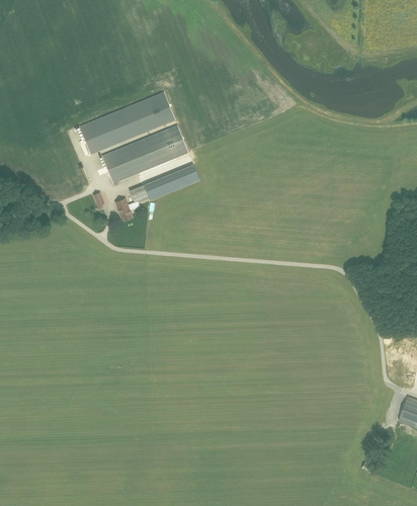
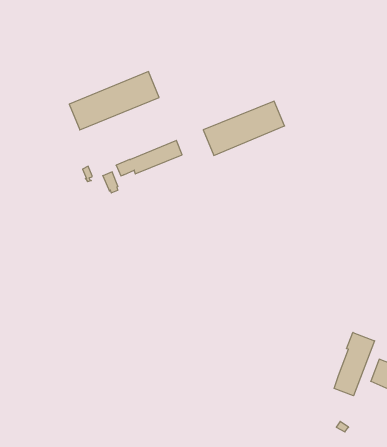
building: [102,124,188,182] -> [203,101,285,155]
building: none -> [334,332,375,396]

